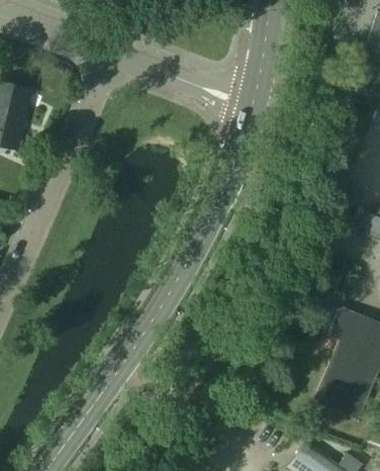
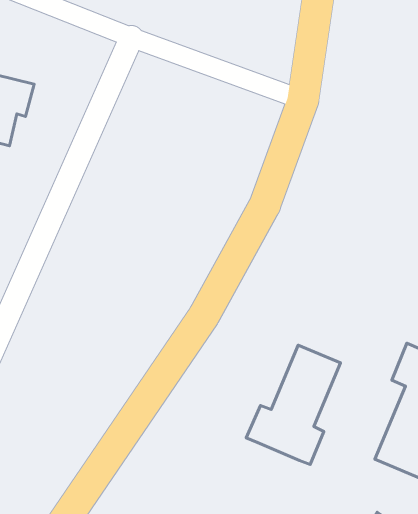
building: none -> [246,345,340,464]

